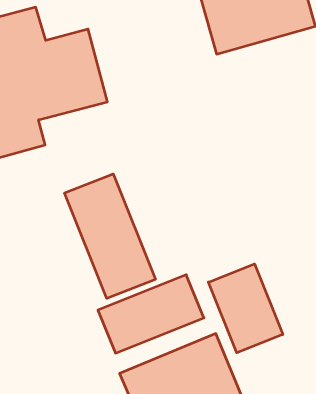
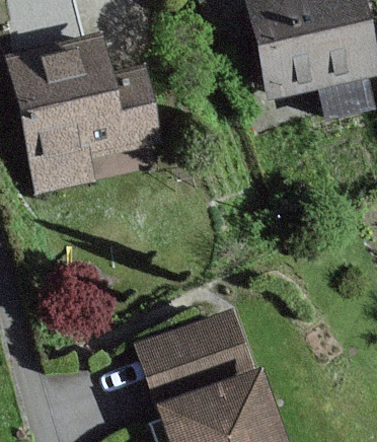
building: [65,174,155,298] -> none
building: [208,264,283,353] -> none

